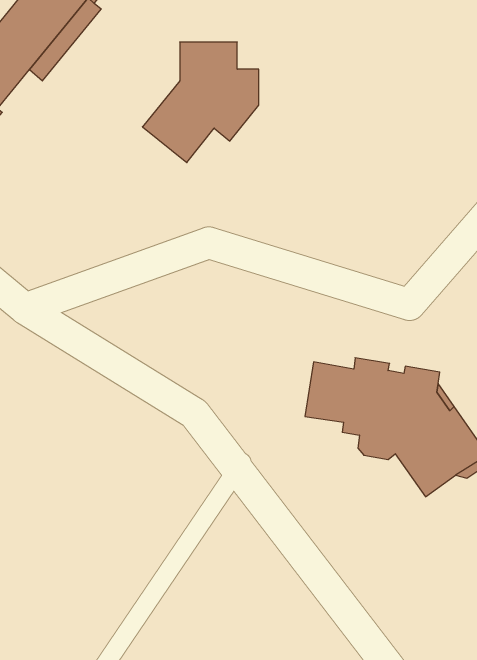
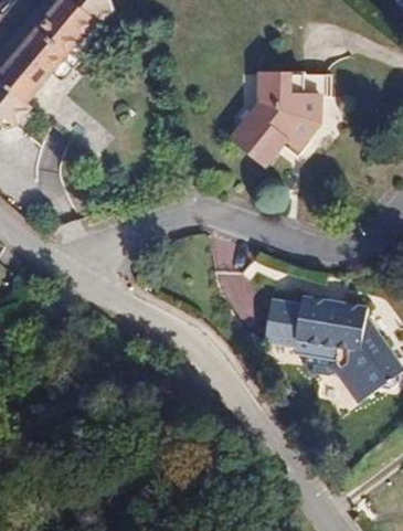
building: [142,42,259,163] -> [230,72,319,164]

